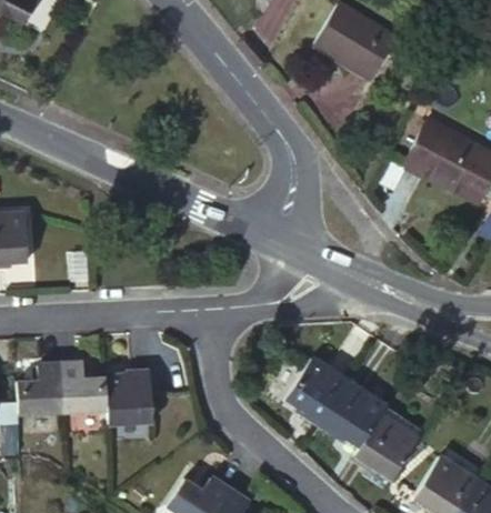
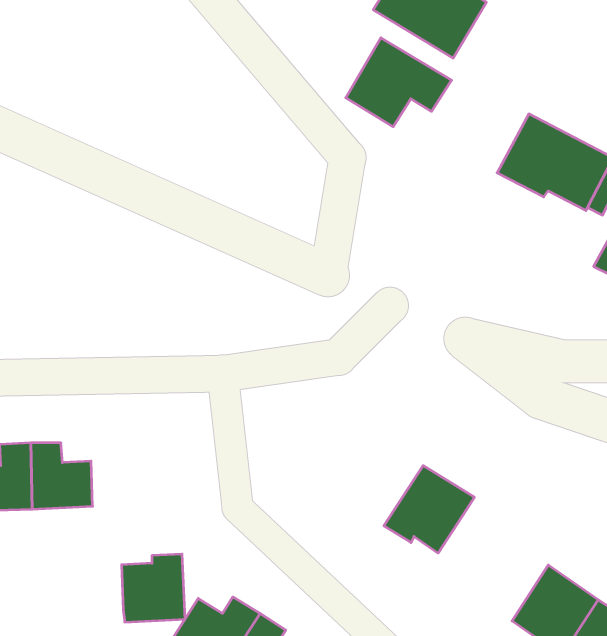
building: none -> [346,38,452,127]
building: [287,356,350,425] -> none
building: [106,370,152,420] -> [122,554,185,622]
building: [353,413,419,479] -> none

